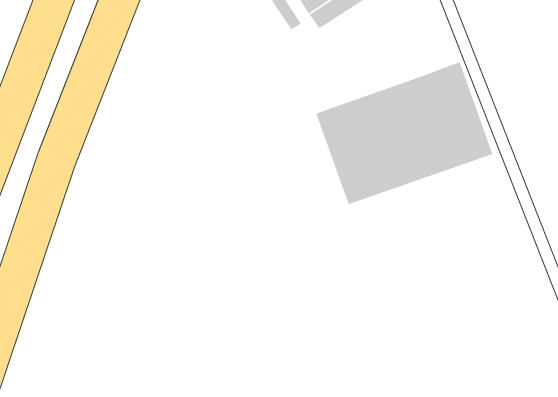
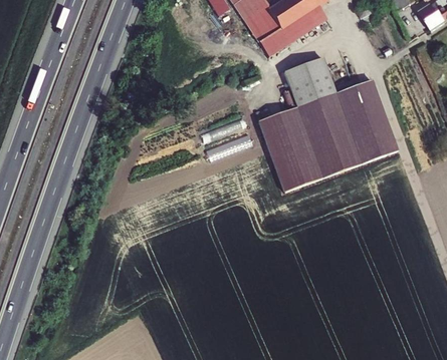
building: none -> [286,54,337,104]

